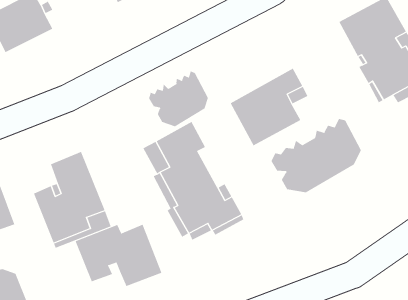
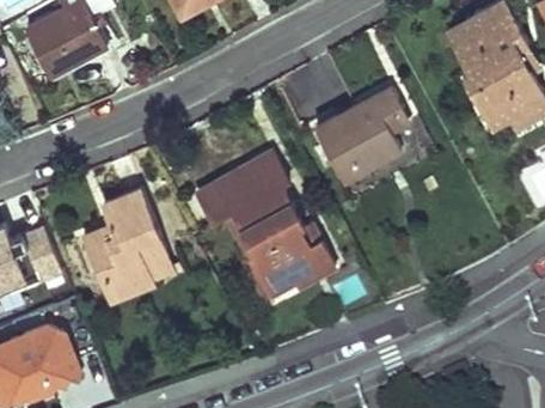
building: [149,70,209,127] -> none
building: [271,118,361,193] -> none
building: [75,224,162,287] -> none

